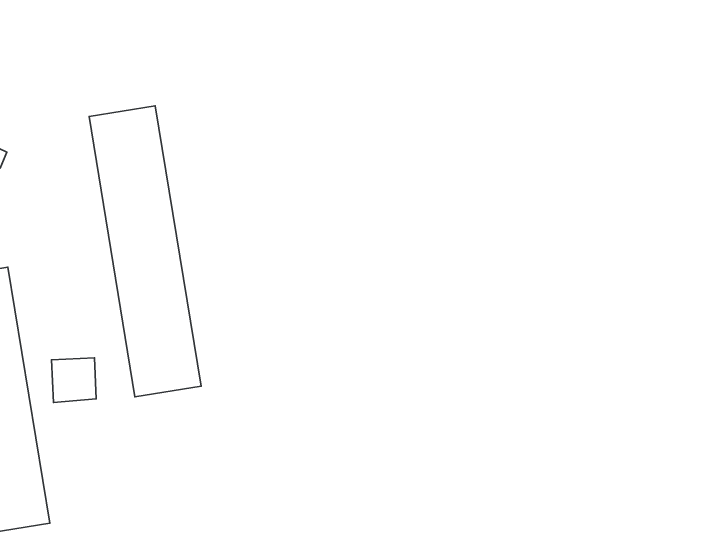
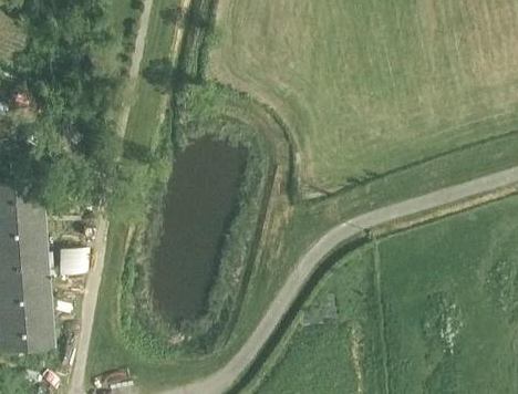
building: [89,106,201,397] -> none

